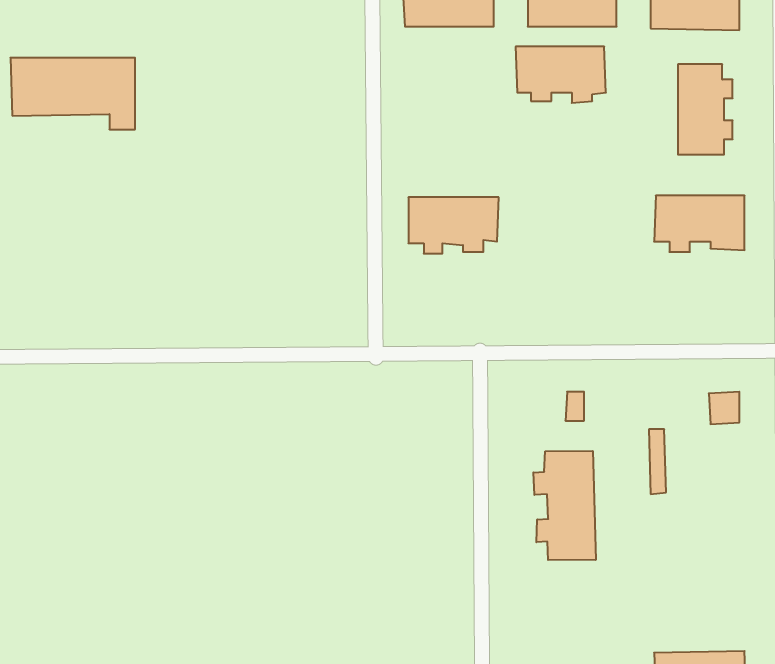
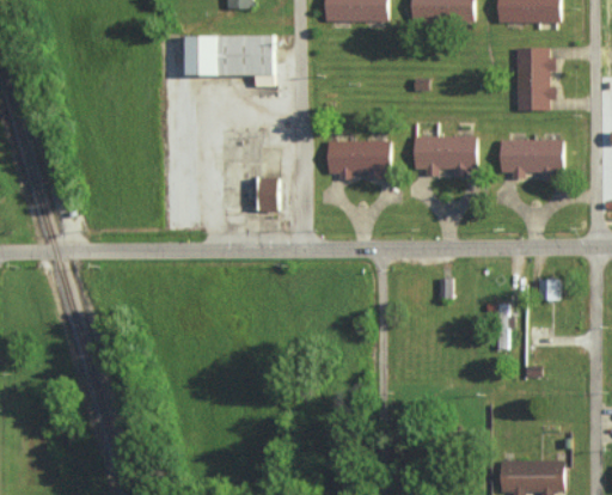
building: [516,47,606,103] -> [414,135,477,175]
building: [10,58,135,129] -> [185,35,273,85]
building: none -> [258,177,277,212]
building: [533,451,596,560] -> none

